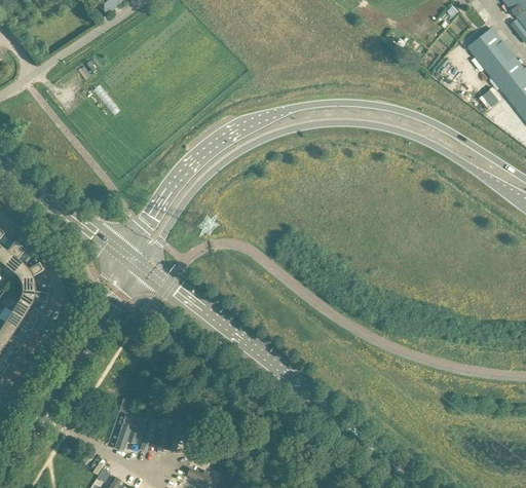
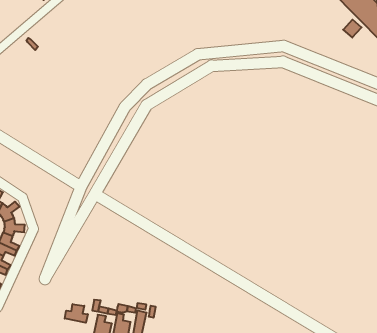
building: none -> [65,304,88,323]

